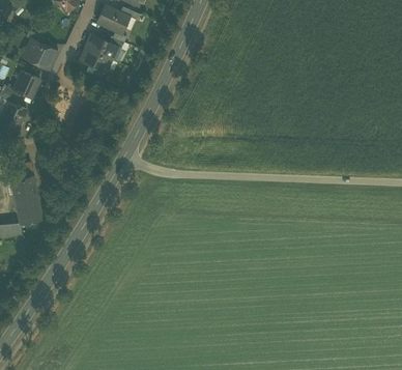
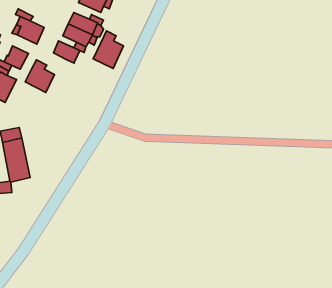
building: none -> [93,31,123,69]
building: none -> [54,41,80,63]
building: none -> [25,60,55,92]

